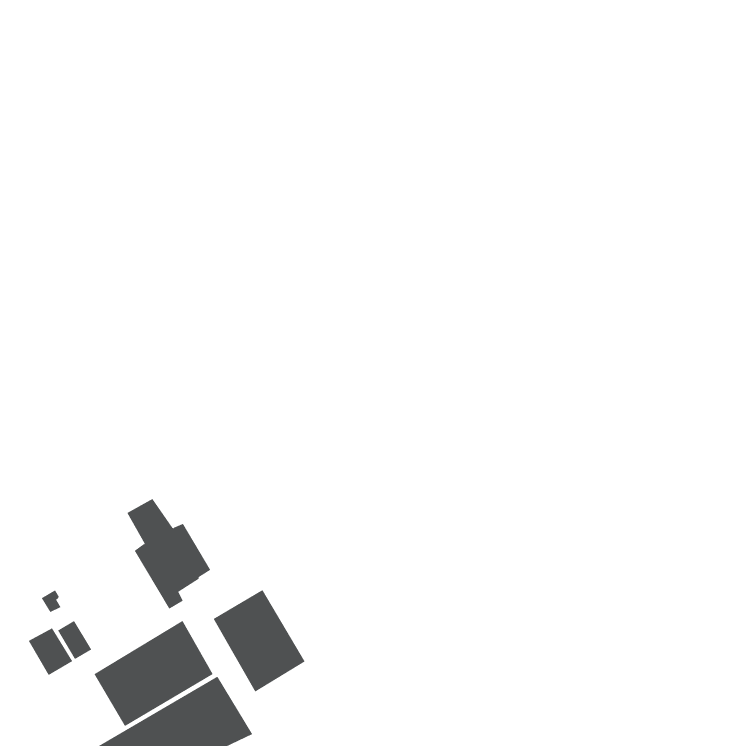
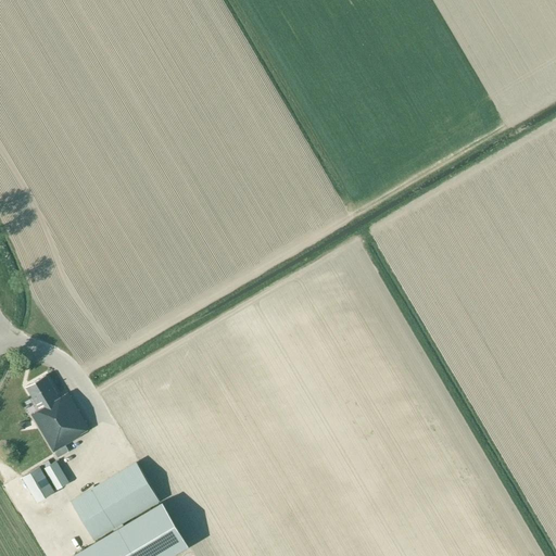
building: [126,498,211,609] -> [25,376,88,458]
building: [213,589,305,692] -> none

